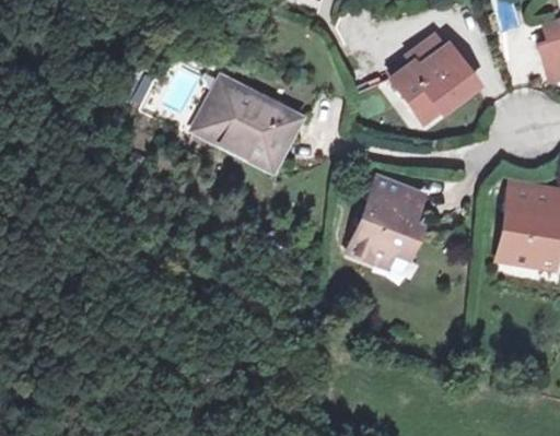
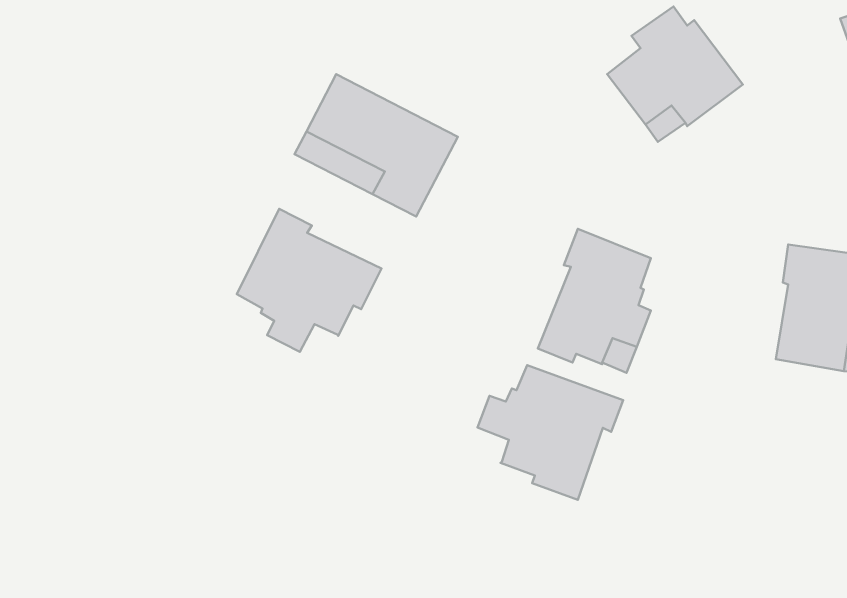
building: none -> [237,209,382,352]
building: none -> [478,365,623,500]

